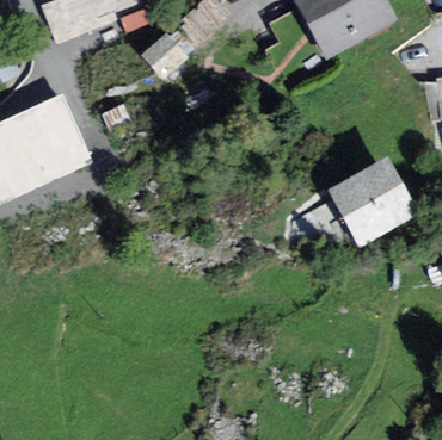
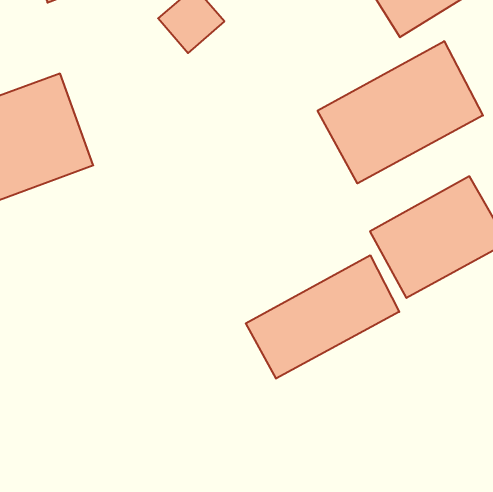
building: none -> [318,41,483,183]
building: none -> [246,255,399,379]

